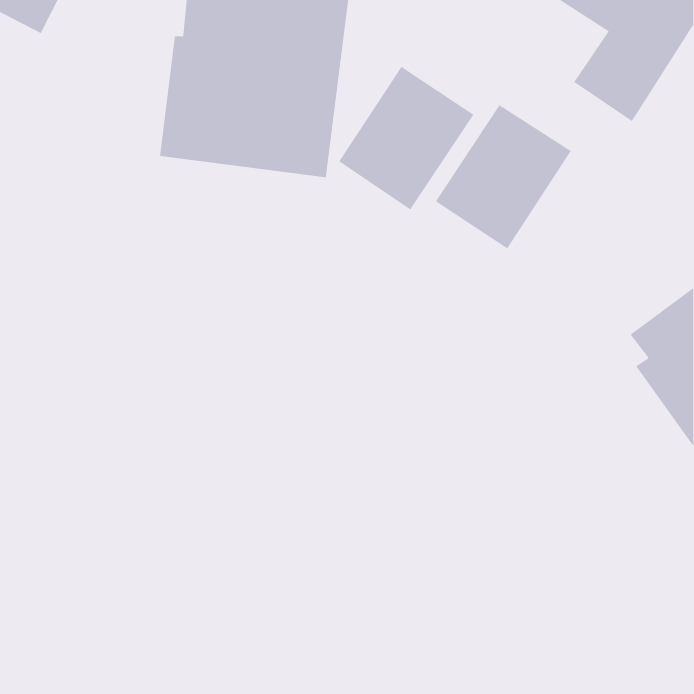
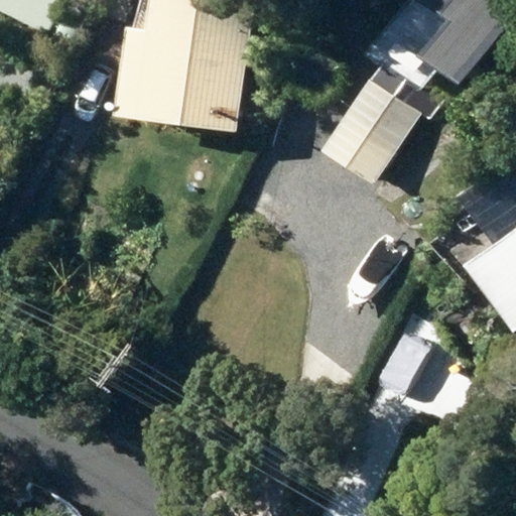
building: [338,66,474,210] -> none

